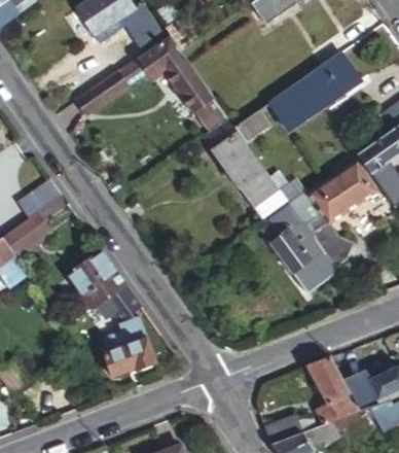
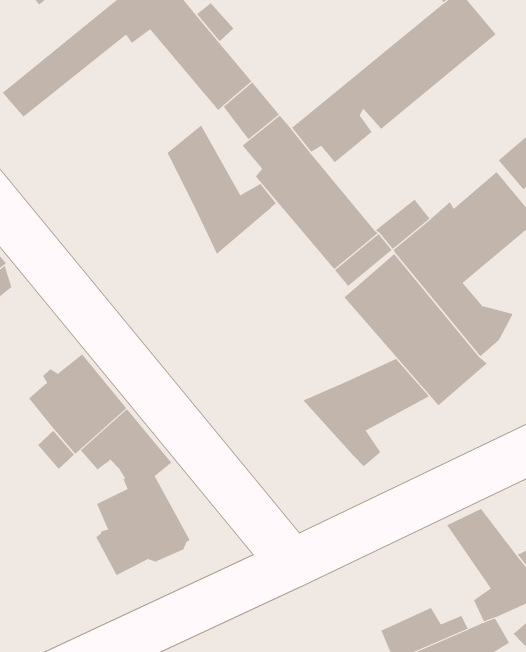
building: none -> [167,125,277,255]
building: none -> [302,358,430,467]

